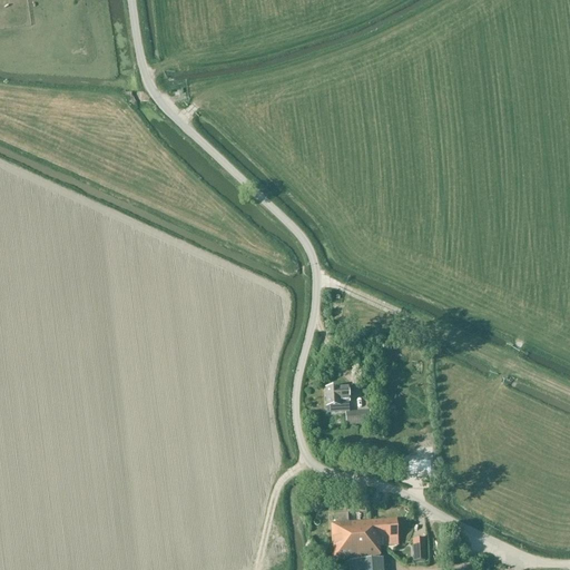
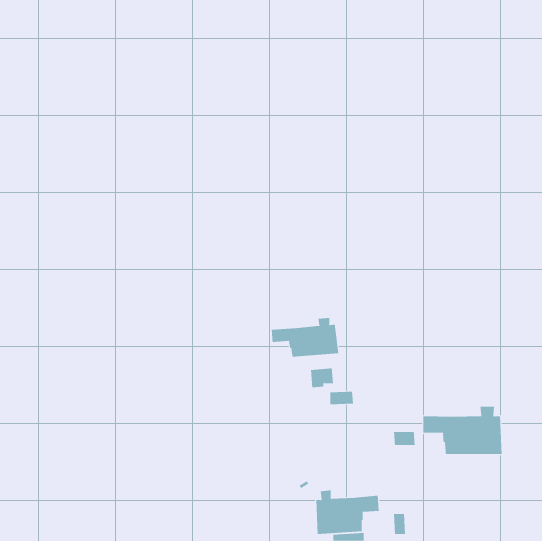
building: none -> [271,317,339,358]
building: none -> [423,406,502,455]

